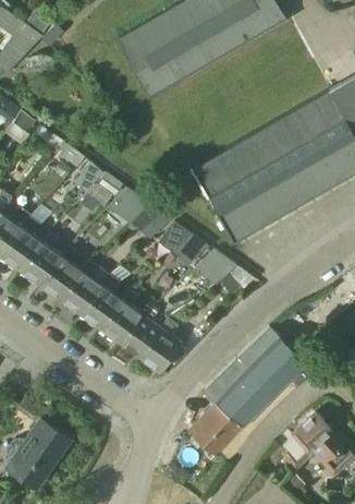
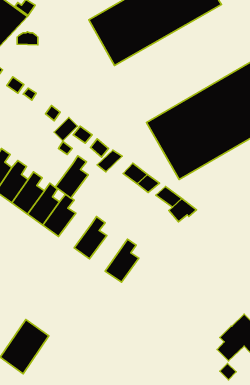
building: [81,275,122,328] -> [55,156,88,198]
building: [120,303,161,358] -> none
building: [188,327,307,457] -> none

